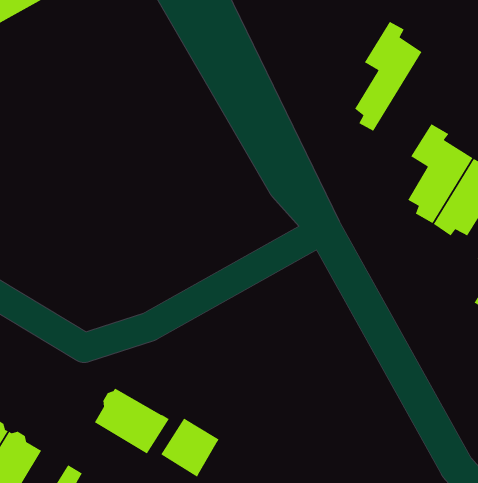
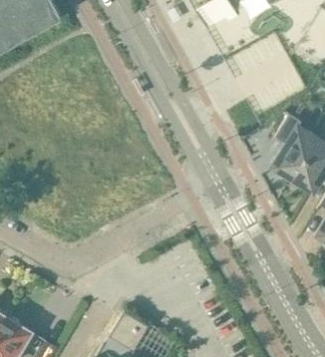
building: [354,21,423,132] -> none
building: [94,388,170,455] -> none

